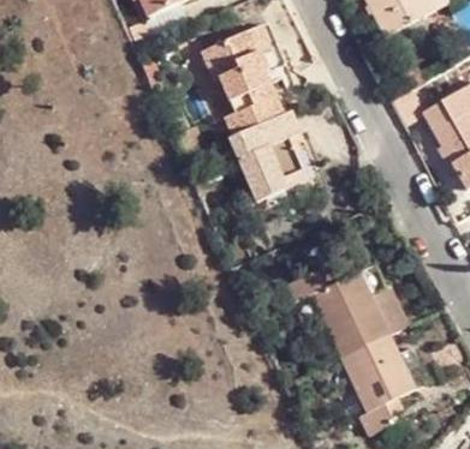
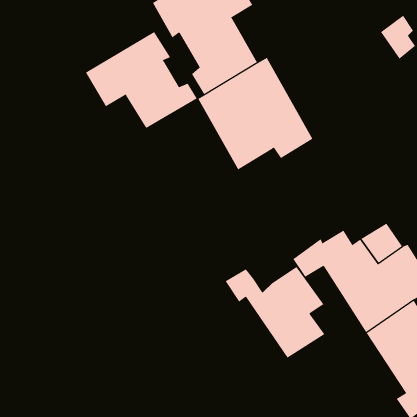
building: none -> [85,31,197,129]
building: none -> [225,266,325,359]

